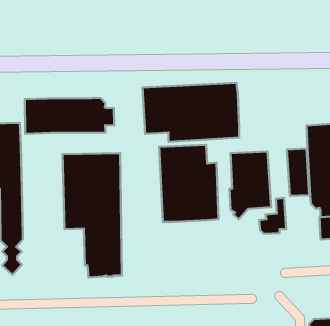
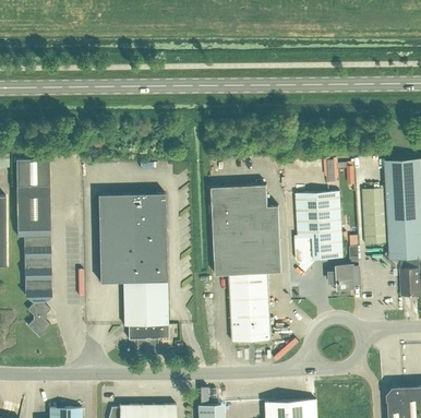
building: [142,83,239,142] -> none
building: [25,98,114,134] -> none
building: none -> [229,273,272,343]

